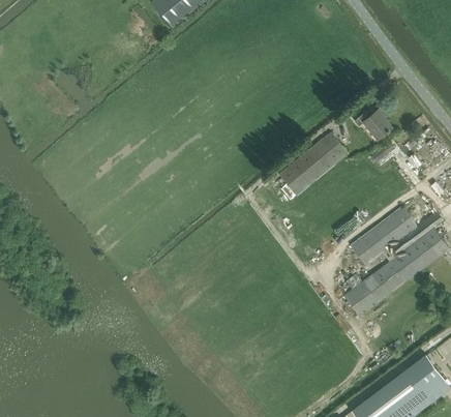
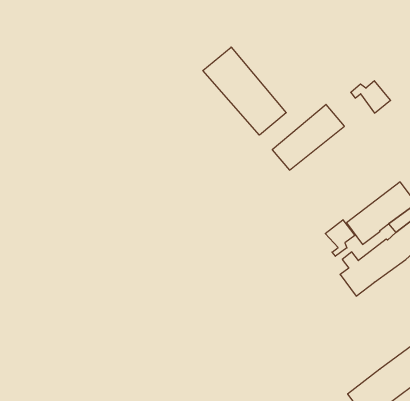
building: none -> [203,47,286,135]
building: none -> [325,220,355,256]

